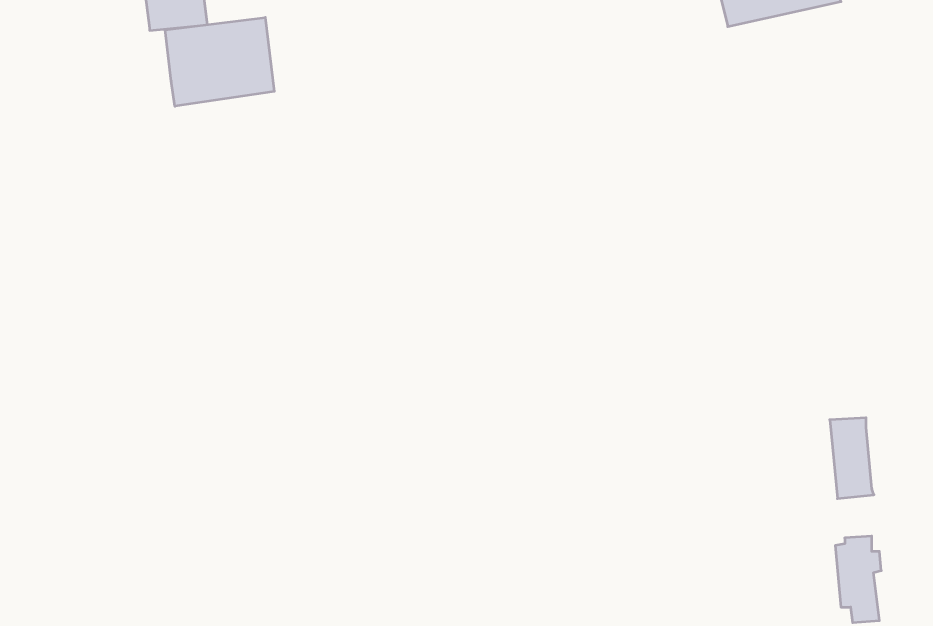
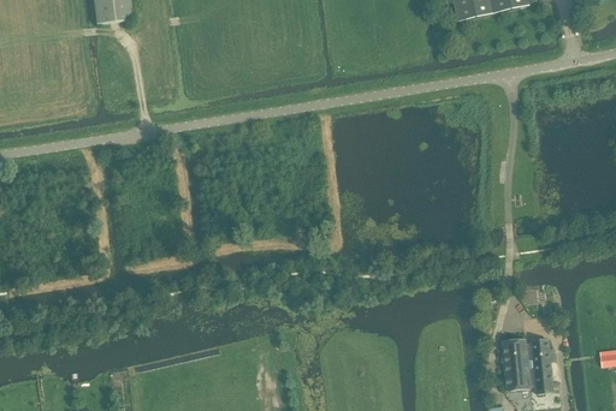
building: [165,17,274,106] -> none
building: [830,418,874,499] -> [503,338,531,388]

